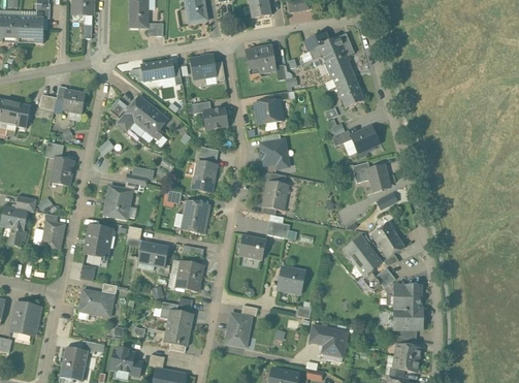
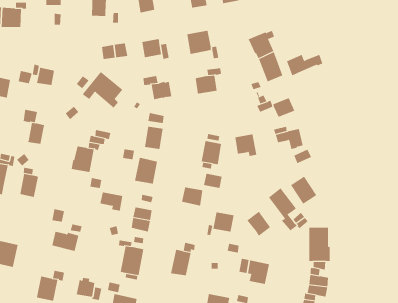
building: [305,33,351,60] -> [286,54,323,76]
building: [261,139,289,167] -> [235,134,257,157]
building: [84,224,110,257] -> none
building: none -> [247,211,271,236]

